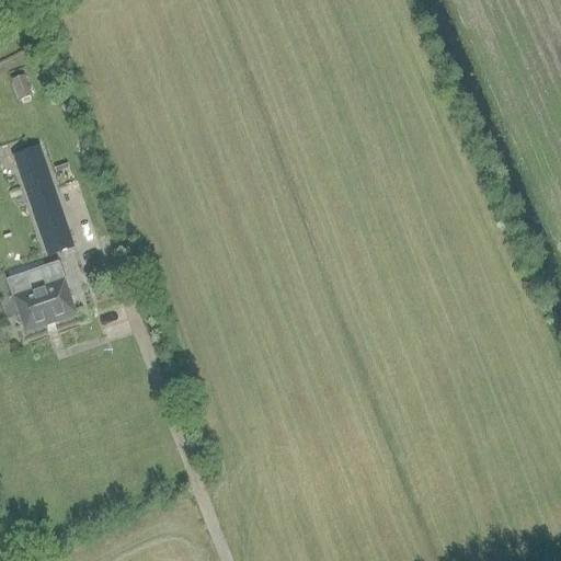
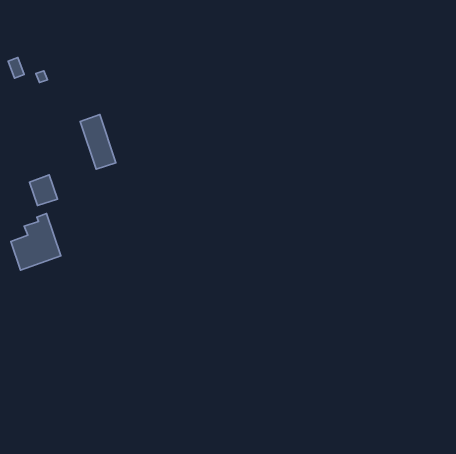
building: [12,142,56,209] -> [80,114,116,169]

